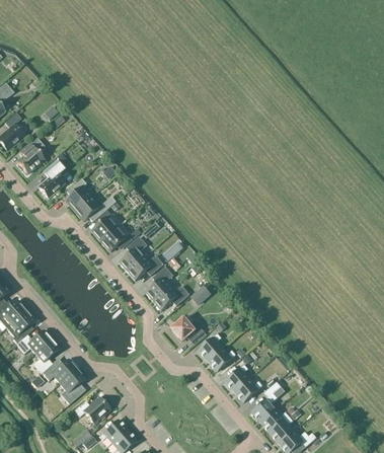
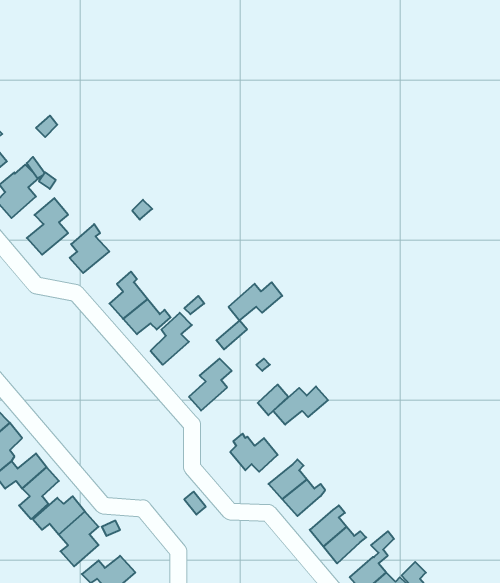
building: [75,196,117,221] -> none
building: [128,254,163,280] -> [229,282,282,320]
building: [153,285,189,310] -> [273,386,328,425]

